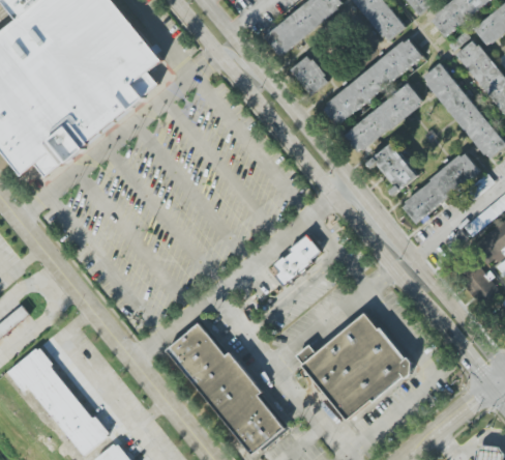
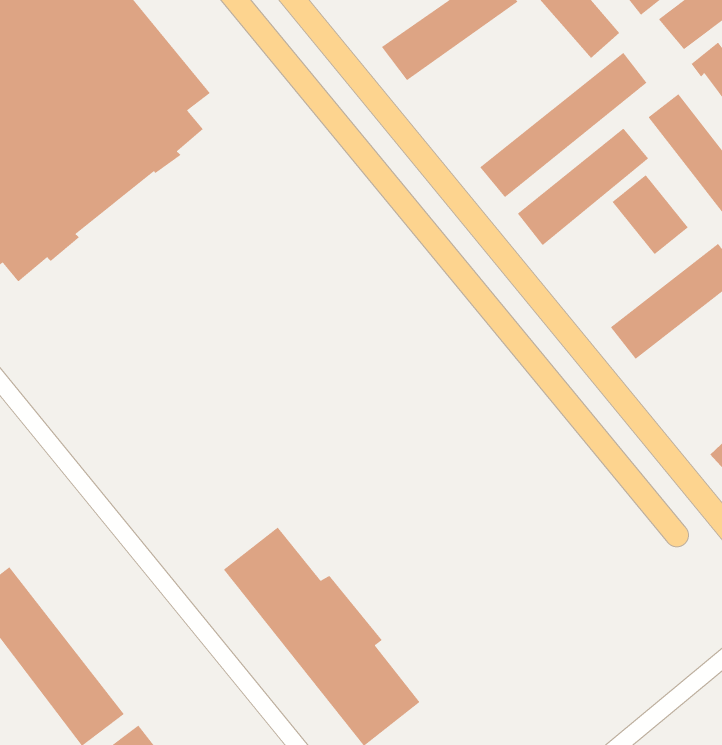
building: [290,55,329,95] -> none
building: [370,143,417,192] -> [612,174,689,255]
building: [268,236,323,285] -> none
building: [296,312,413,421] -> none

